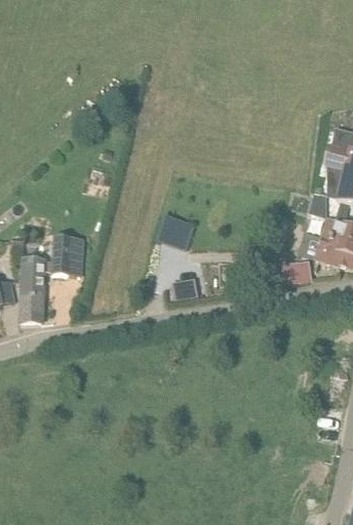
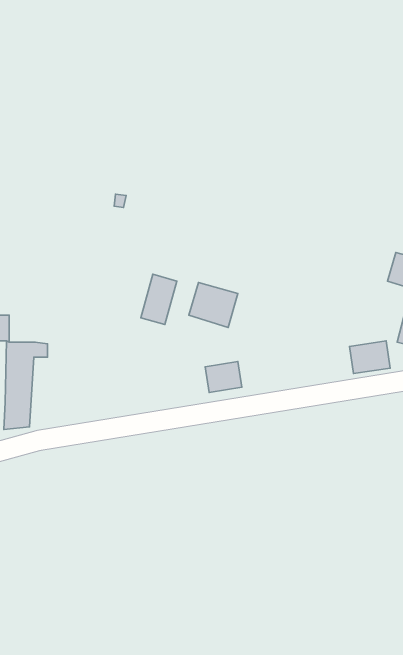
building: none -> [141,274,177,325]
building: [52,238,82,273] -> none

